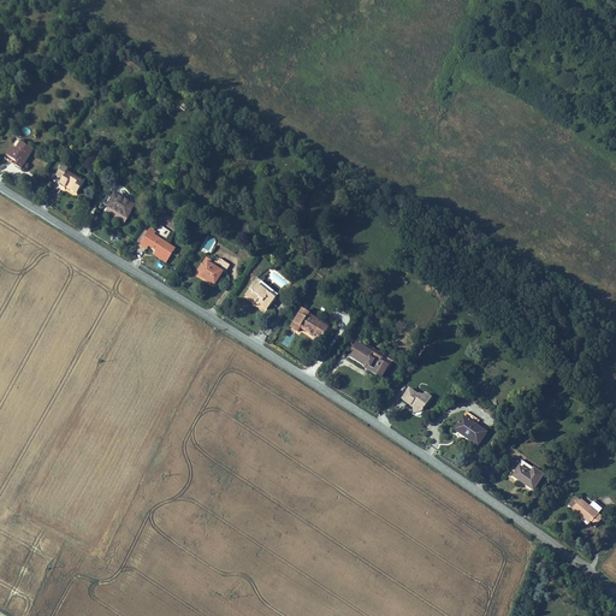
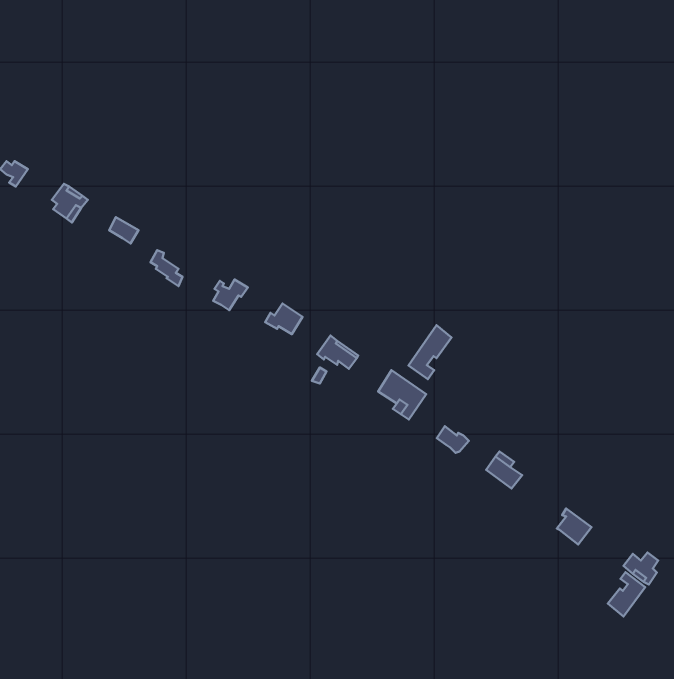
building: none -> [408,325,452,379]
building: none -> [608,572,645,616]

